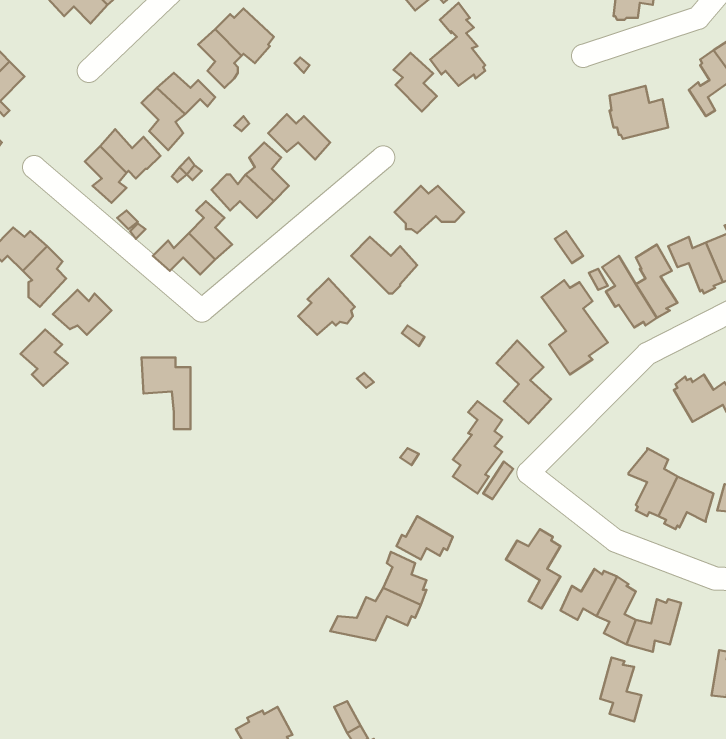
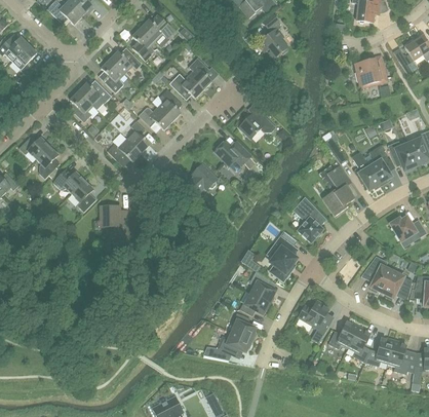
building: [393,53,437,111] -> [188,56,211,88]
building: [21,329,68,386] -> [71,180,96,211]
building: none -> [249,269,275,303]
building: [600,657,642,722] -> [388,339,411,374]

